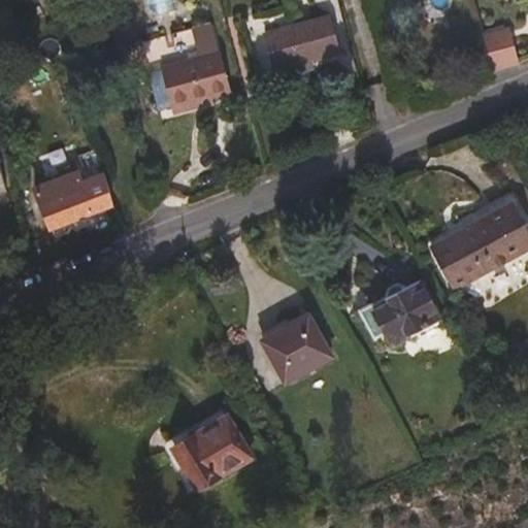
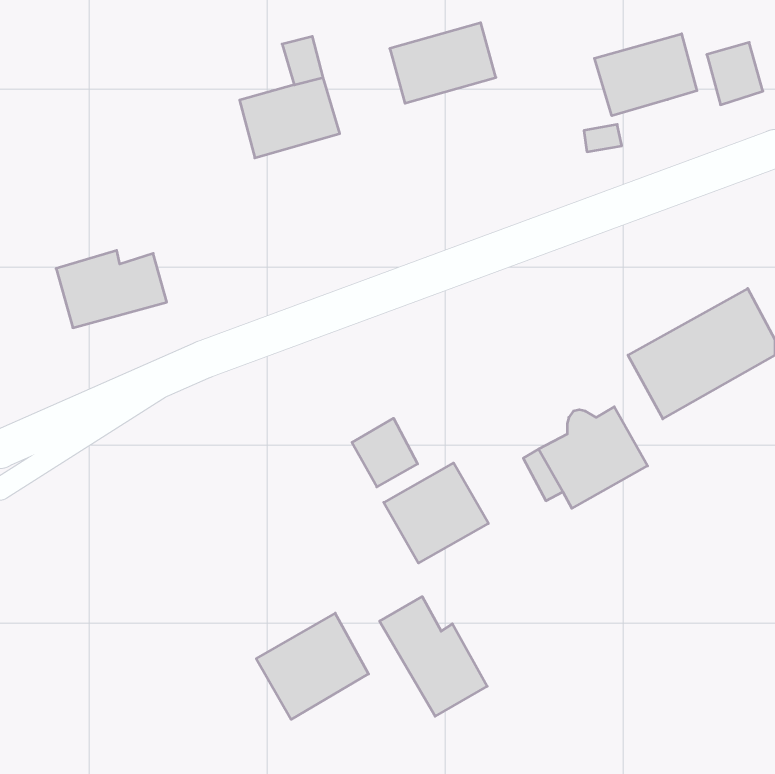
building: none -> [594,34,697,116]
building: none -> [352,418,418,487]
building: none -> [380,597,487,716]

